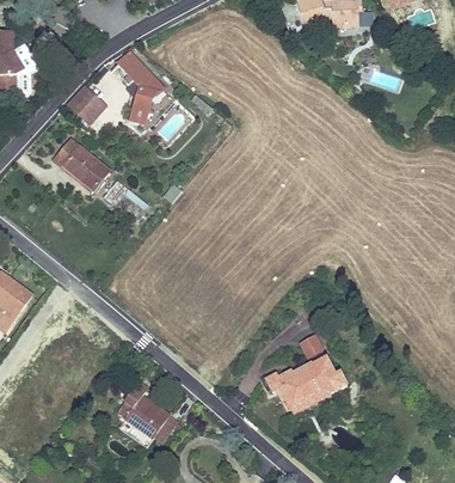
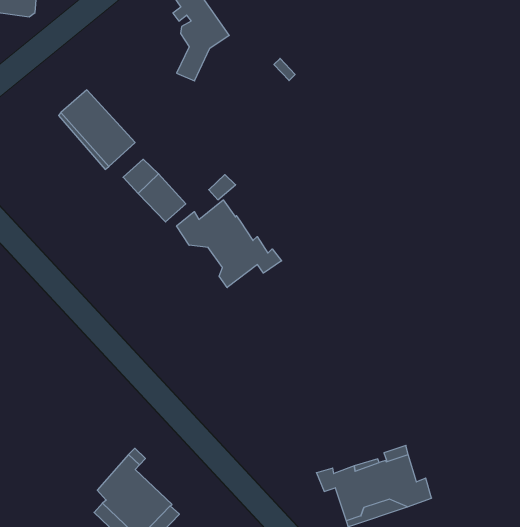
building: [67,85,105,123] -> none
building: none -> [177,200,282,288]

